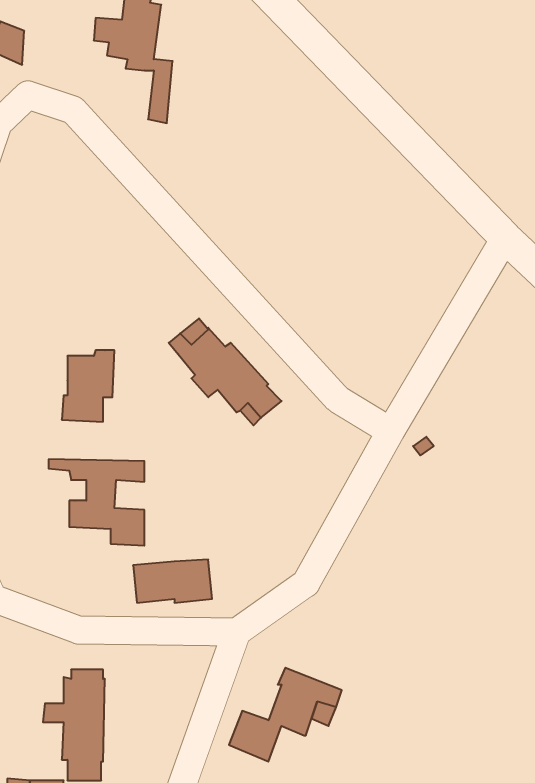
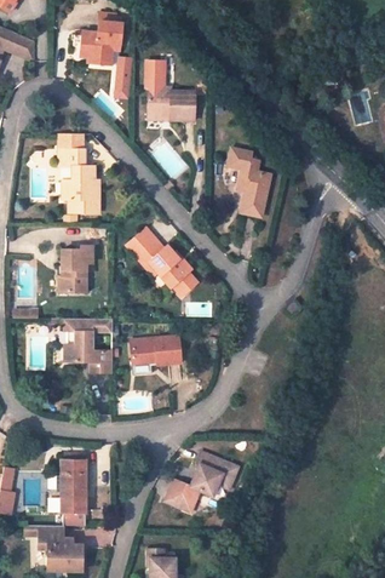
building: none -> [146,64,195,124]
building: none -> [59,135,100,212]
building: none -> [228,148,270,217]
building: [133,560,212,603] -> [131,337,182,365]

